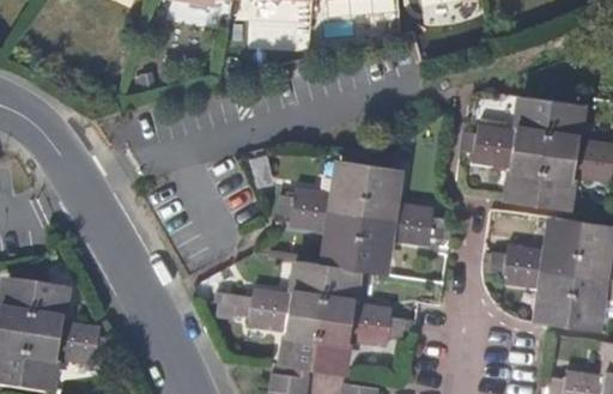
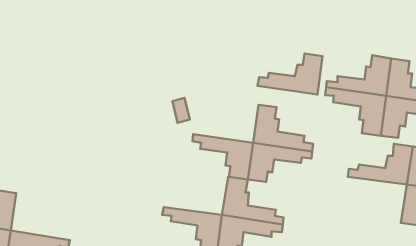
building: [280,160,370,217] -> [258,54,323,94]
building: [239,260,328,316] -> none
building: [492,263,575,327] -> none
building: [29,286,111,351] -> none

